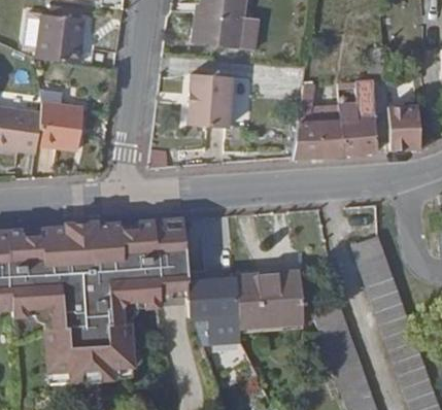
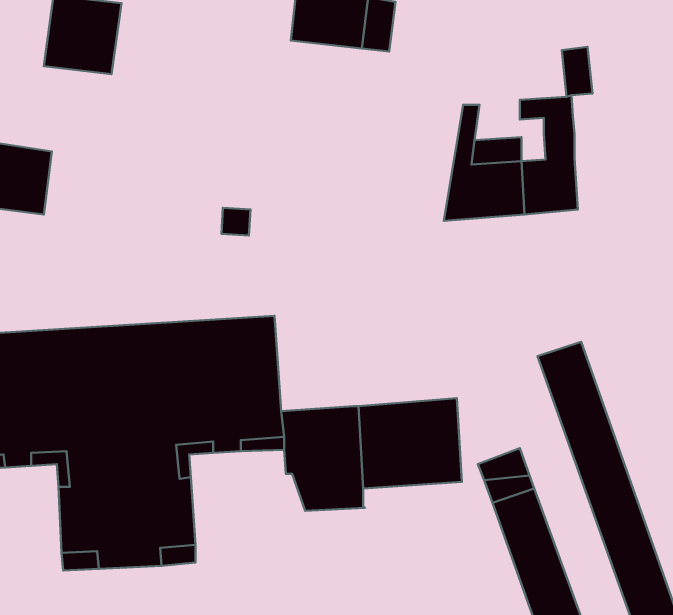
building: [192,73,236,128] -> none
building: [36,103,83,150] -> none
building: [385,104,419,149] -> none

